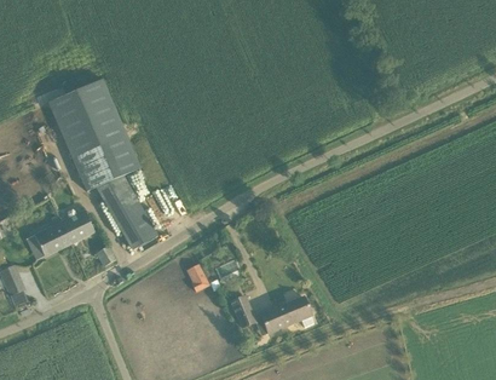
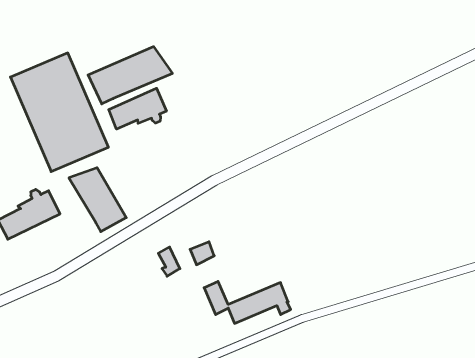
building: none -> [88,47,172,104]
building: none -> [109,88,166,129]

